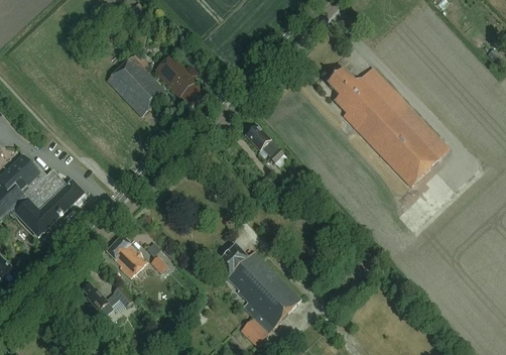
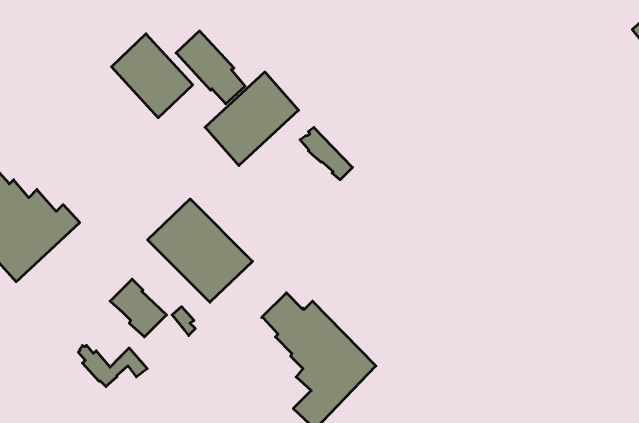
building: [327,68,449,187] -> none
building: none -> [205,72,299,166]
building: none -> [148,199,253,302]

